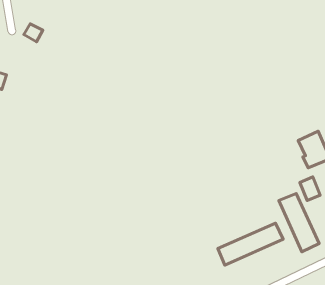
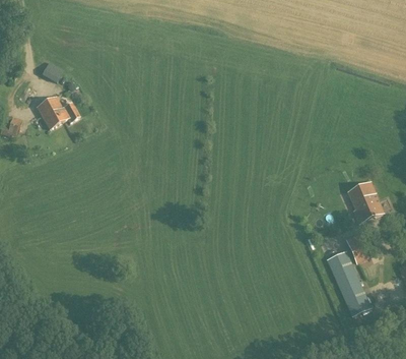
building: none -> [37,95,79,128]
building: [218,223,283,265] -> none

